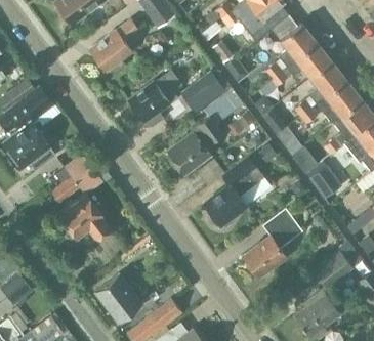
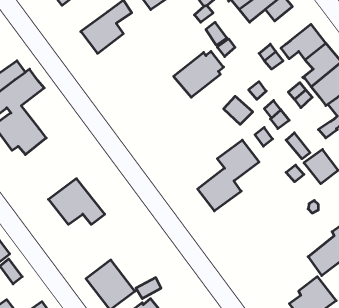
building: [278,24,316,67] -> none
building: [127,71,182,123] -> none
building: [167,86,240,175] -> none
building: [50,155,103,205] -> none
building: [243,209,301,278] -> none

